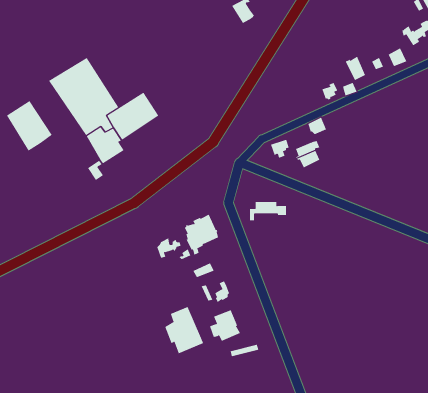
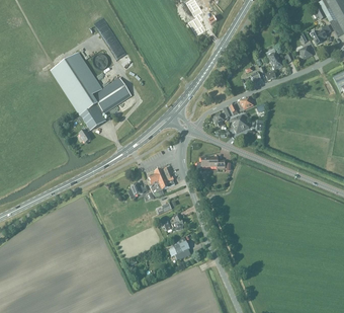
building: [6,100,52,151] -> none
building: [164,306,204,354] -> none

